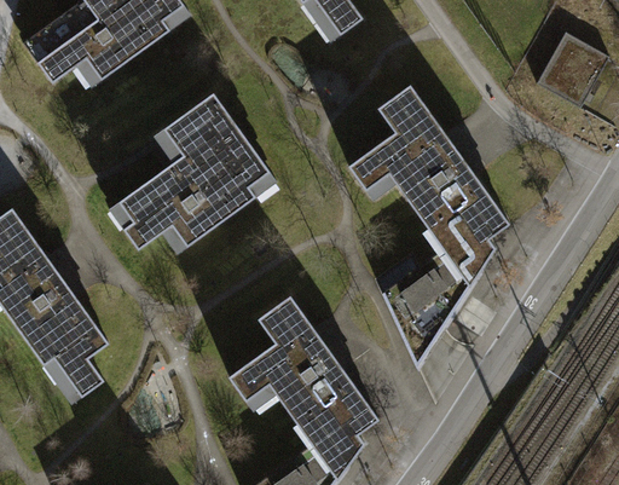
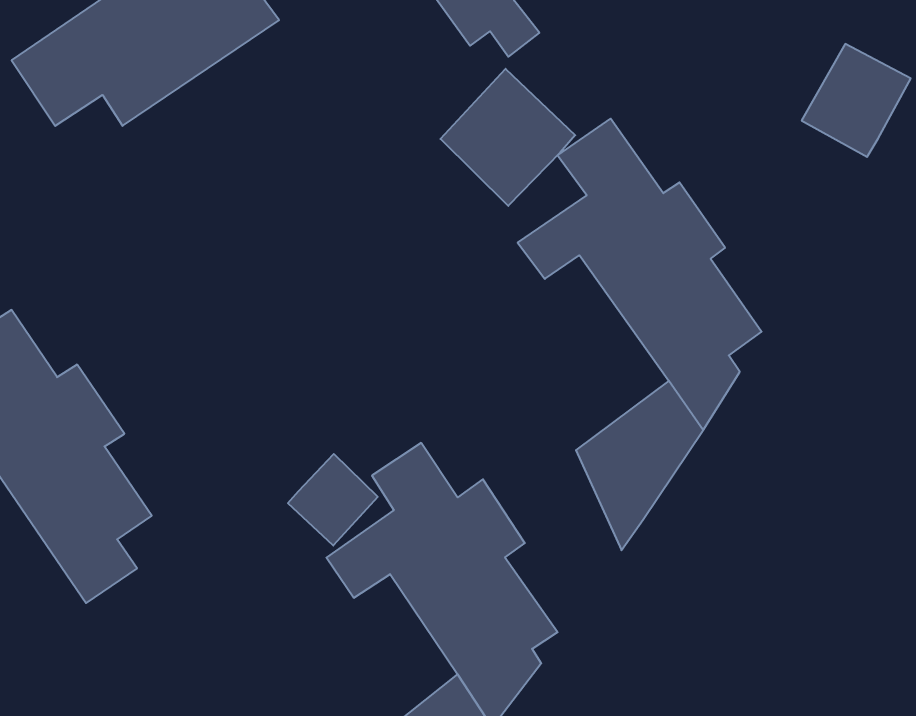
building: none -> [440,69,575,206]
building: [98,83,273,253] -> none
building: none -> [288,454,378,546]

